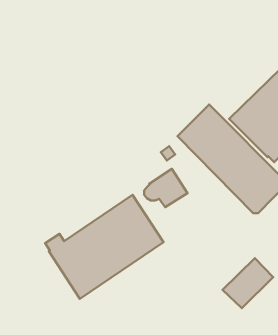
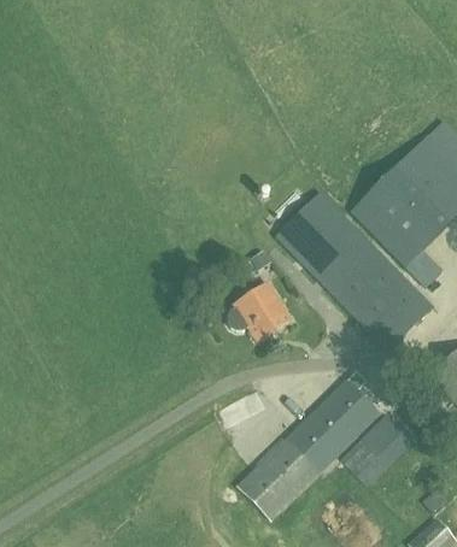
building: [45,195,164,299] -> none
building: none -> [238,378,380,518]

